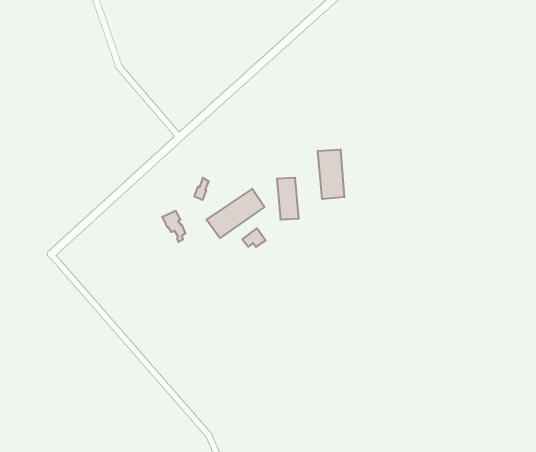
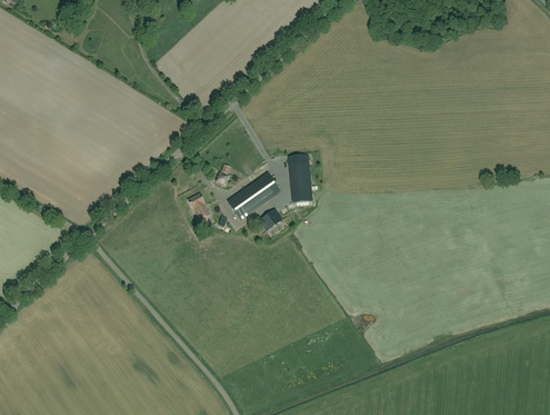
building: [318,149,344,199] -> none

